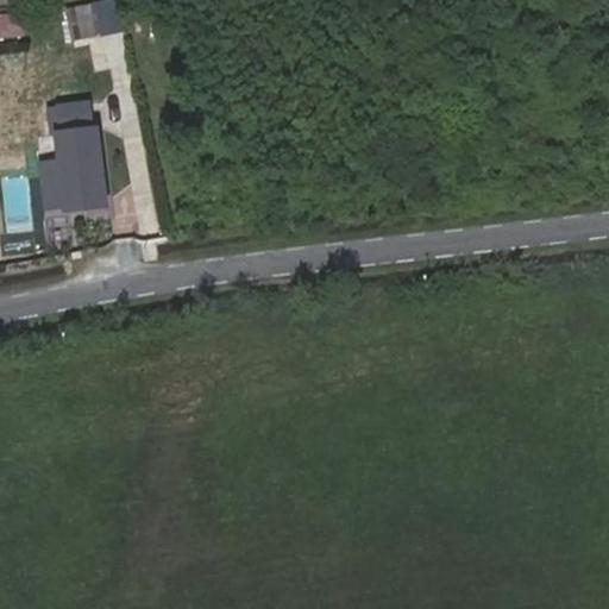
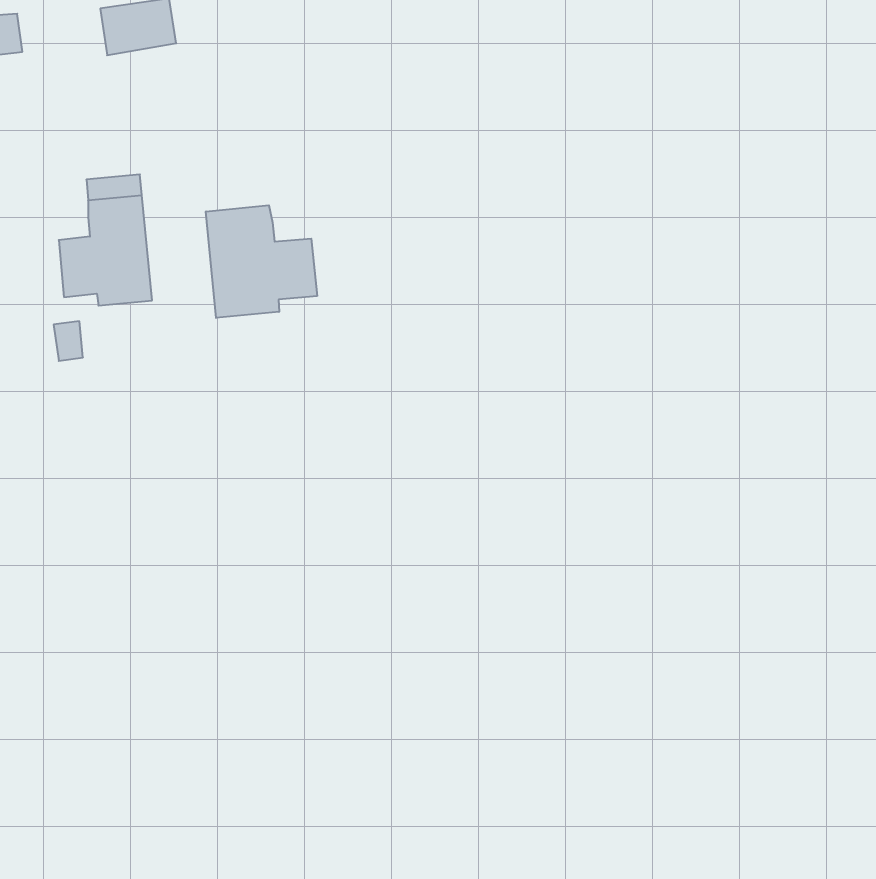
building: none -> [206,205,317,318]

